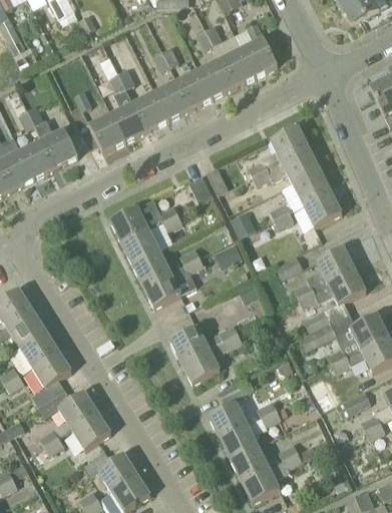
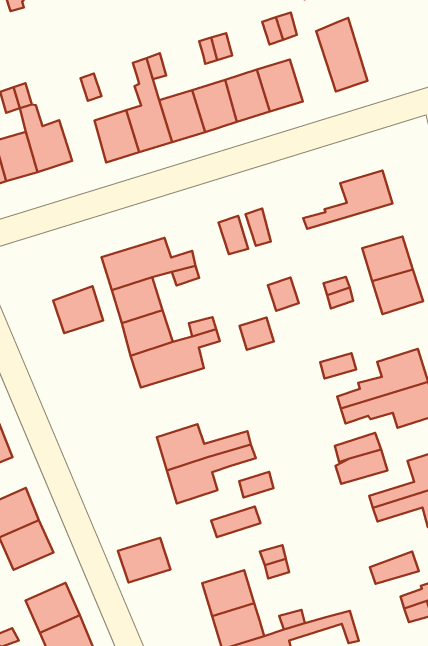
building: [220,35,256,86] -> none
building: [252,147,320,185] -> none
building: none -> [53,286,103,333]
building: [209,402,248,437] -> [118,538,170,582]

